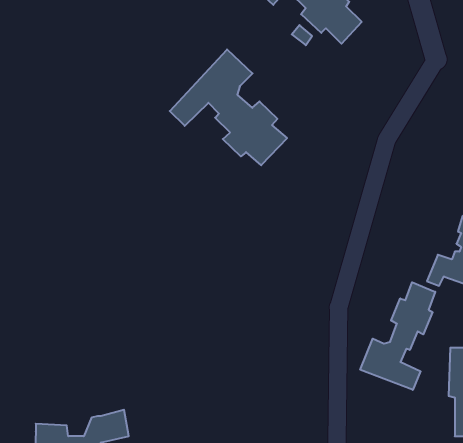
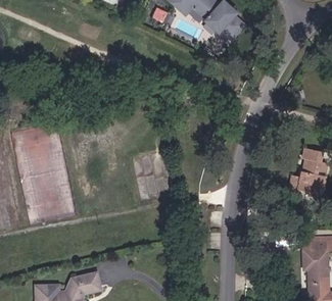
building: [170,49,287,165] -> none
building: [360,282,435,390] -> none

